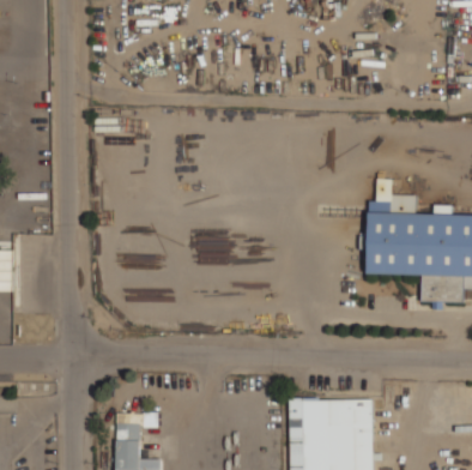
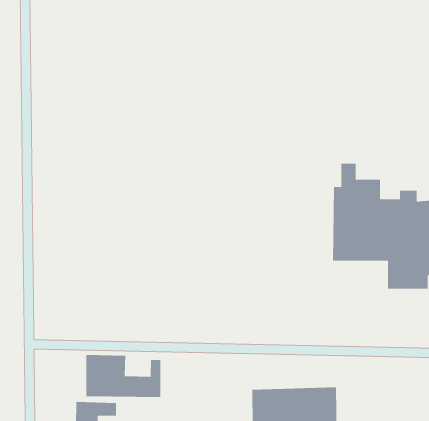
building: none -> [86,354,161,398]

